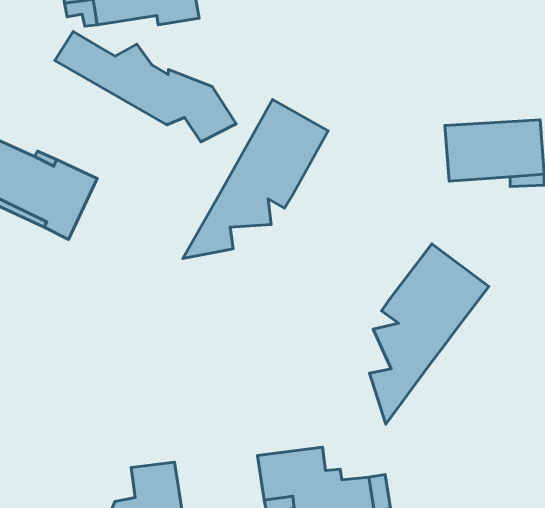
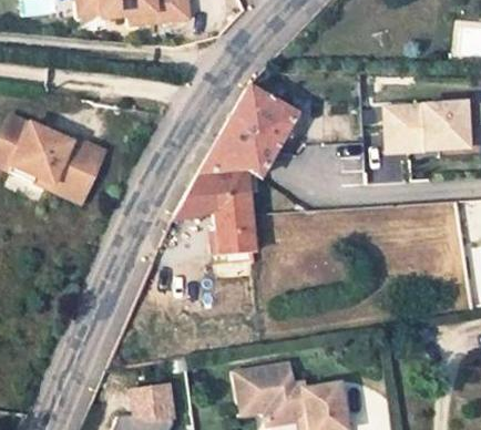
building: [55,31,236,142] -> none
building: none -> [215,186,255,250]
building: [369,244,489,424] -> none

